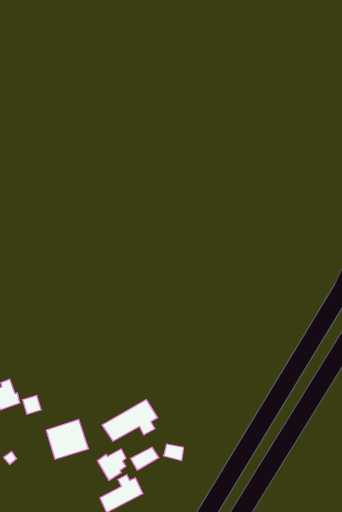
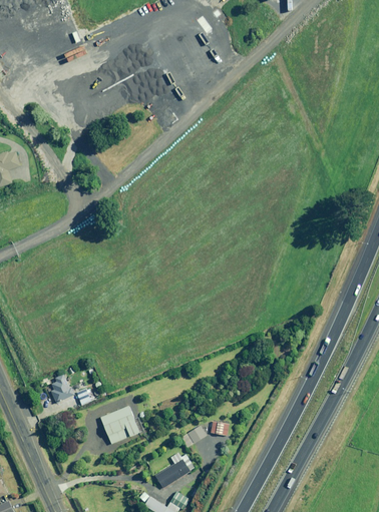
building: [102,400,158,441] -> none
building: [98,449,126,480] -> none

